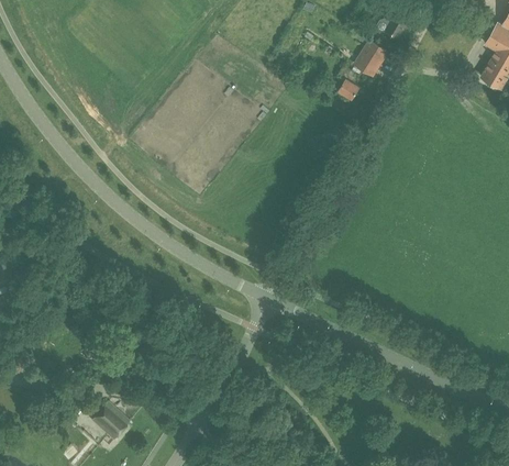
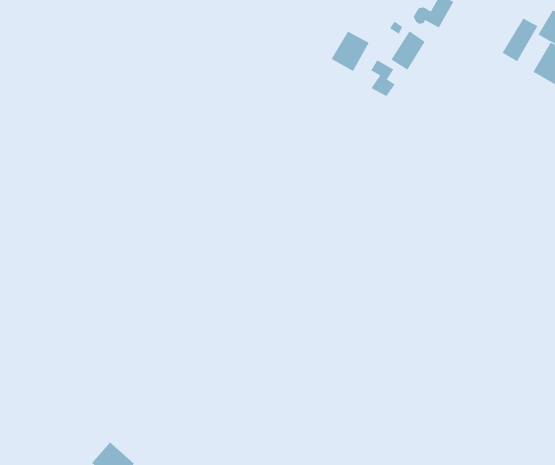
building: none -> [502,18,538,62]
building: none -> [331,31,370,72]

